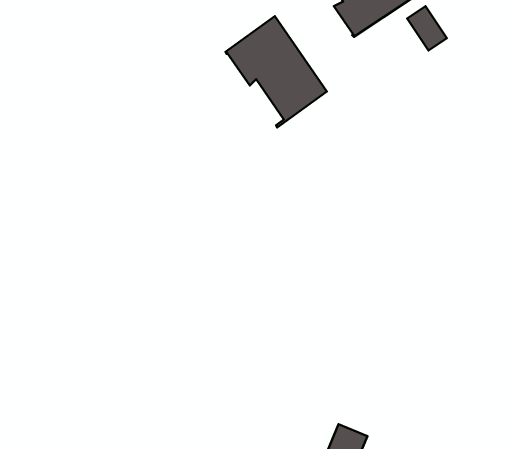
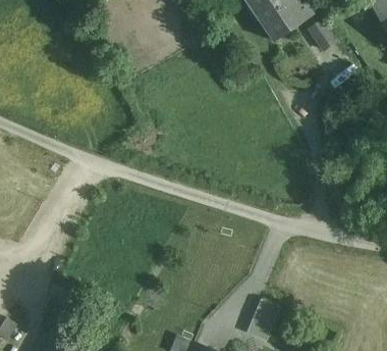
building: [226,16,327,127] -> none

